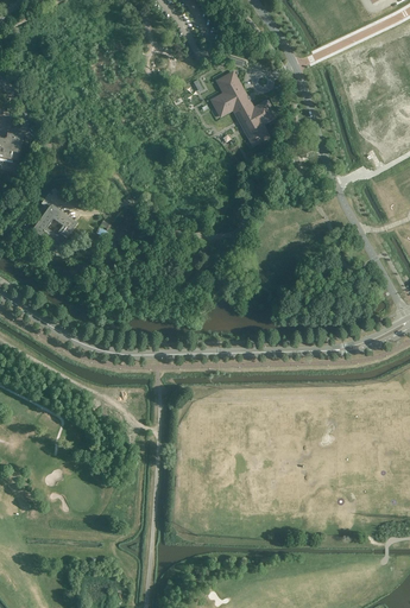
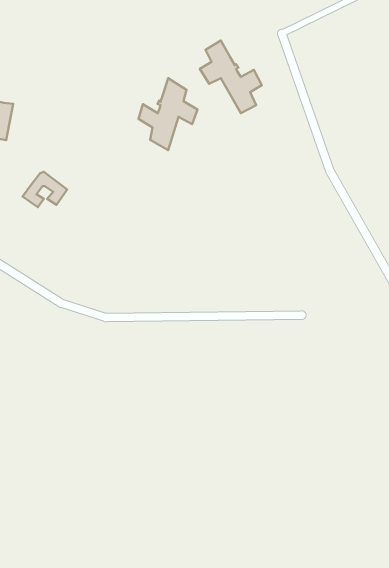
building: none -> [139,78,198,150]

